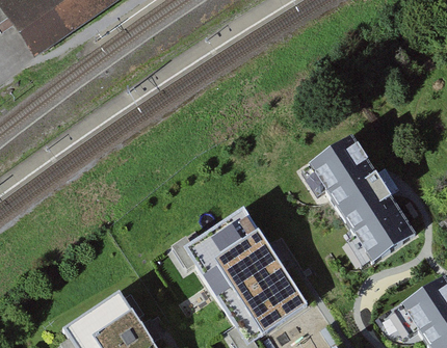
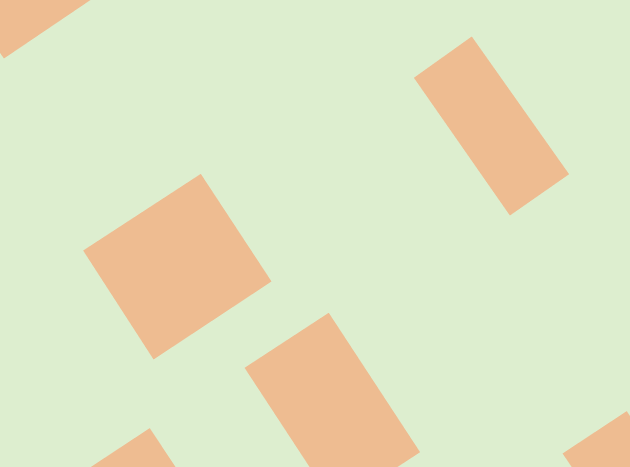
building: none -> [82,173,272,361]
building: [309,138,414,259] -> [413,36,570,216]

